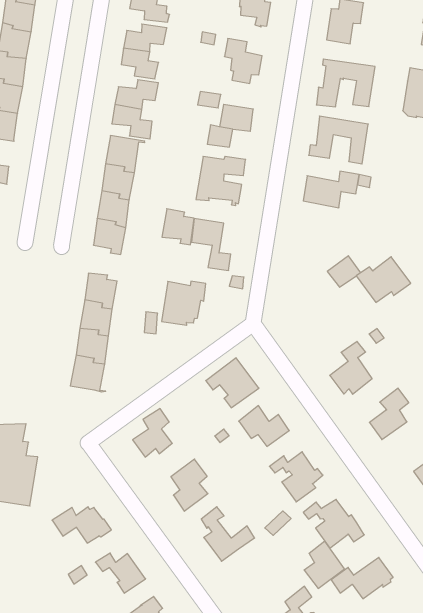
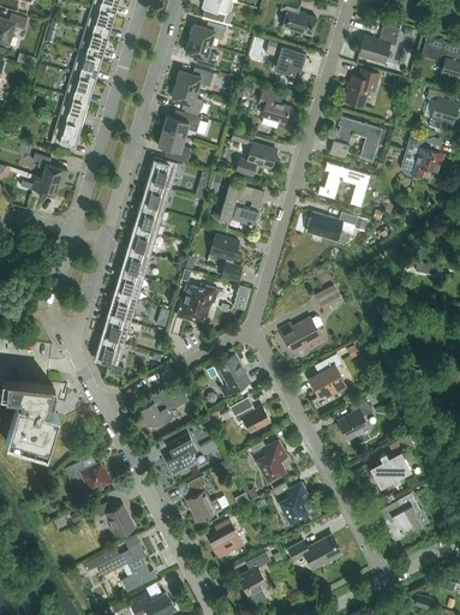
building: [162,209,194,245] -> [121,245,150,277]
building: [356,257,411,302] -> [279,317,323,353]
building: [304,541,344,588] -> [209,519,243,557]

